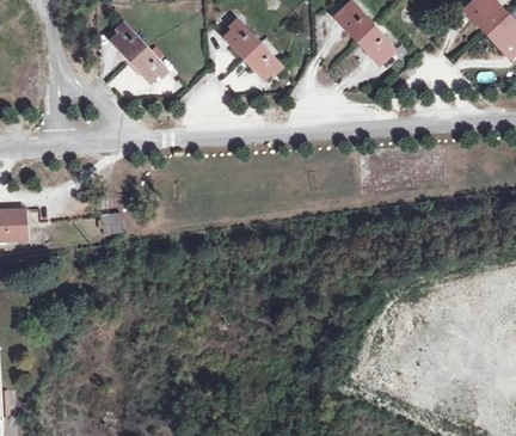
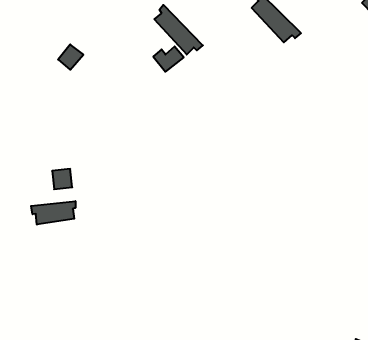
building: [109,20,167,80] -> none
building: none -> [31,201,75,225]

